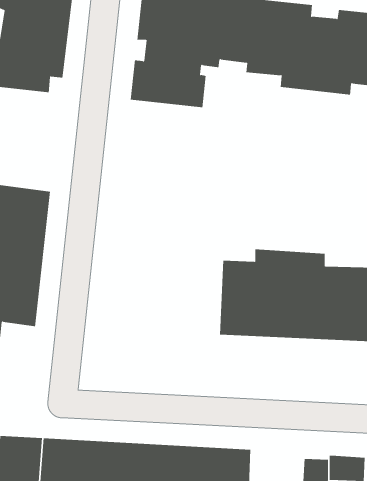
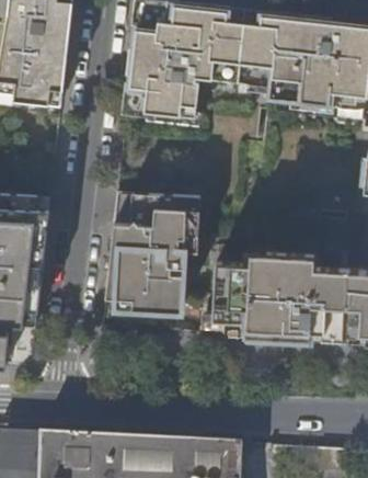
building: none -> [104,194,198,314]

